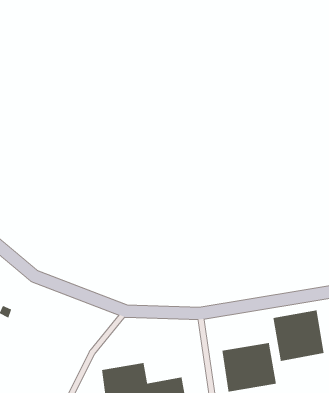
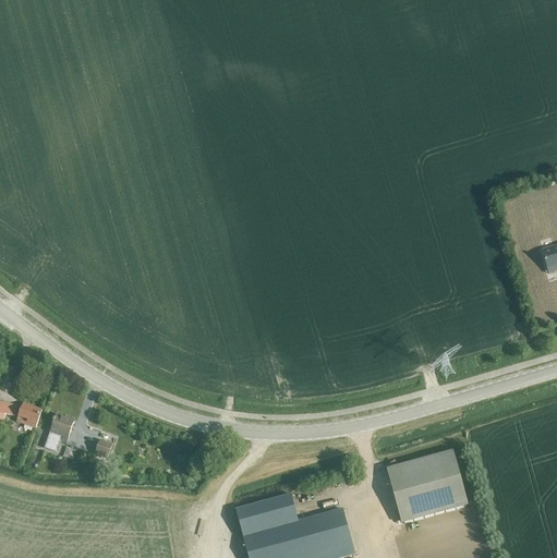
building: [272,310,325,362] -> none

